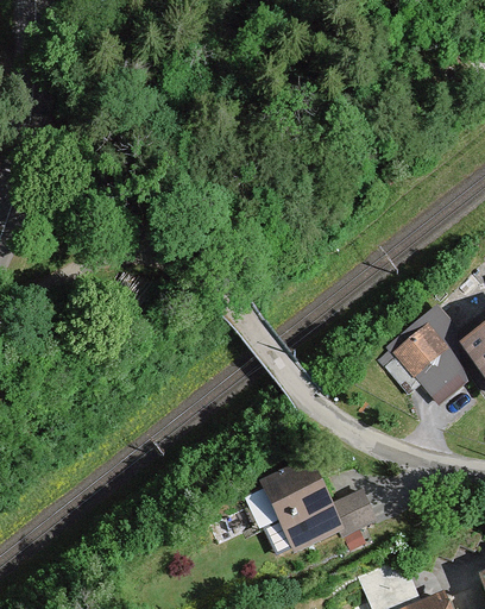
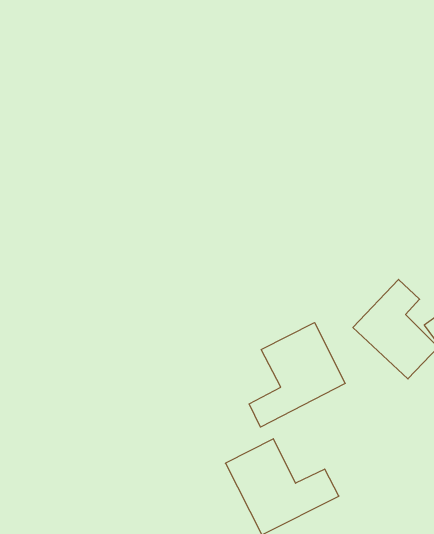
building: none -> [249,323,345,427]

